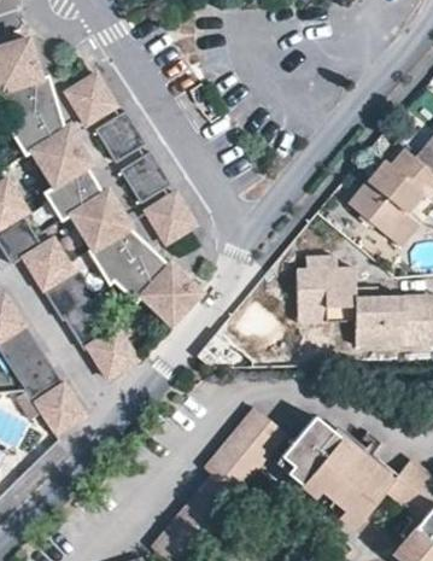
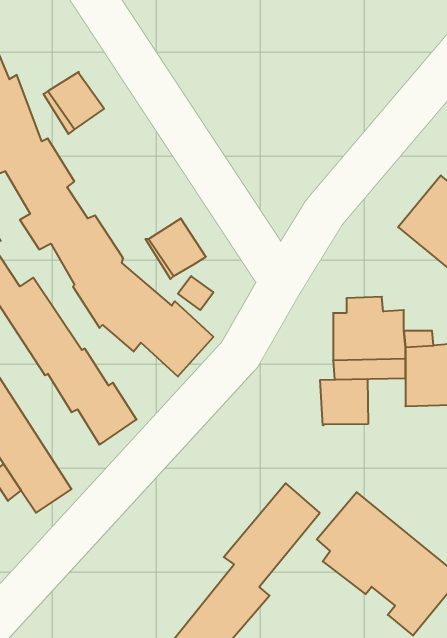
building: [92,110,141,160] -> none
building: [118,150,166,199] -> none
building: none -> [320,379,368,425]

